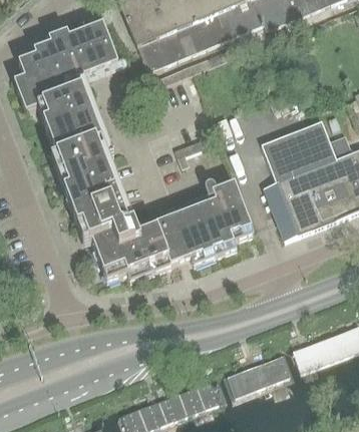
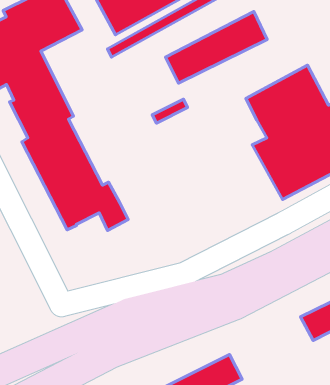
building: none -> [165,12,267,83]
building: [94,183,255,282] -> none
building: [224,352,296,402] -> none

